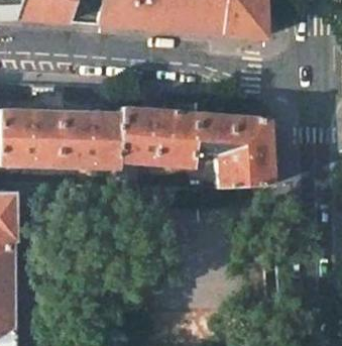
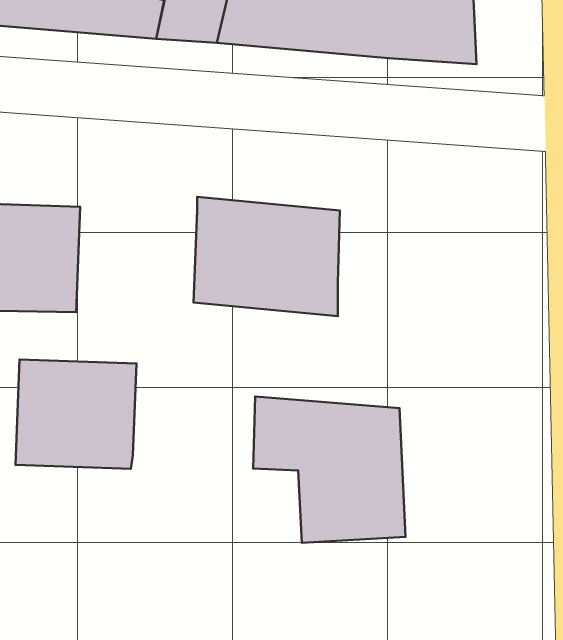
building: [61,111,123,167] -> [16,359,137,469]
building: [196,113,274,189] -> [253,396,405,543]

